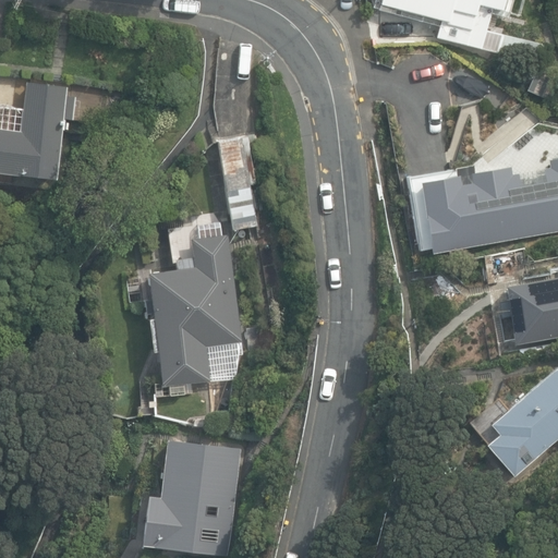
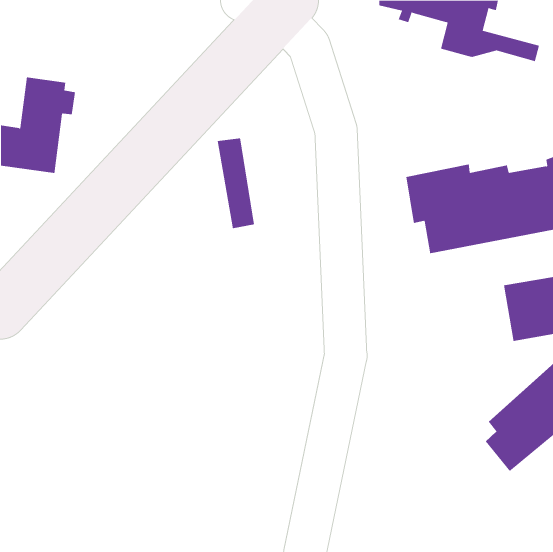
building: [148,223,243,390] -> none
building: [141,436,238,551] -> none

